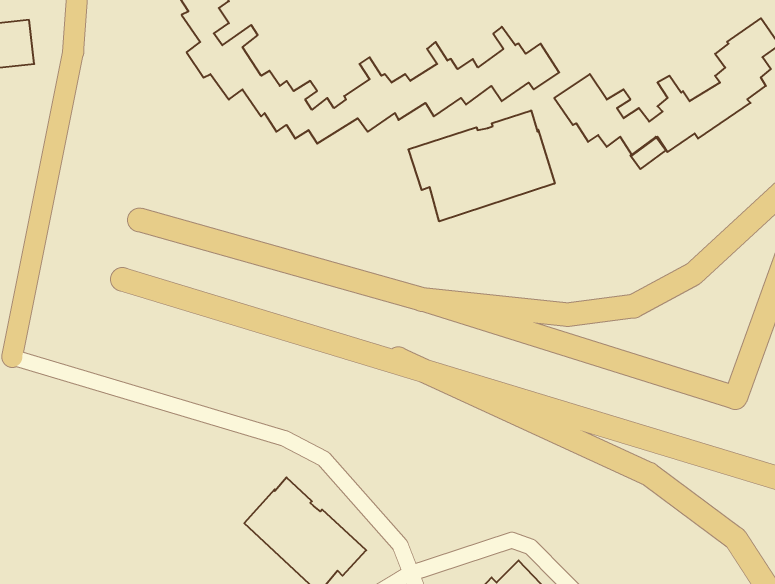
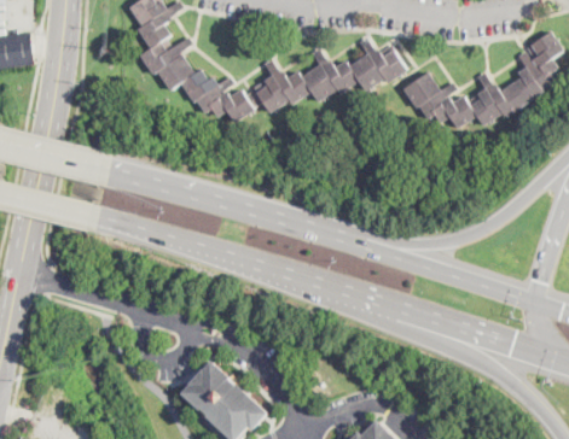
building: [408,110,555,221] -> none

